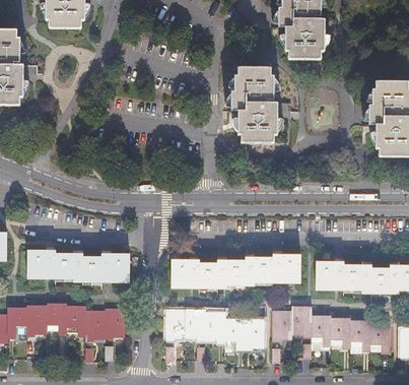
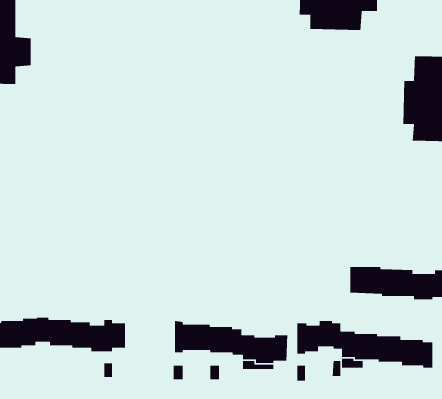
building: [224,66,293,142] -> none
building: [27,249,129,279] -> none
building: [171,255,300,286] -> none

